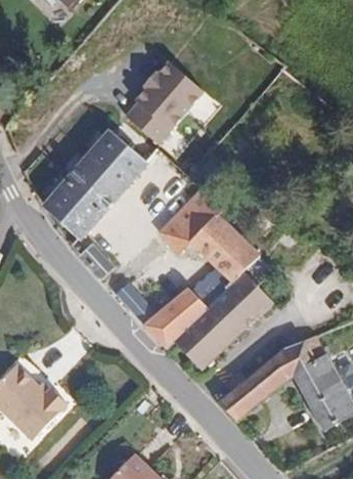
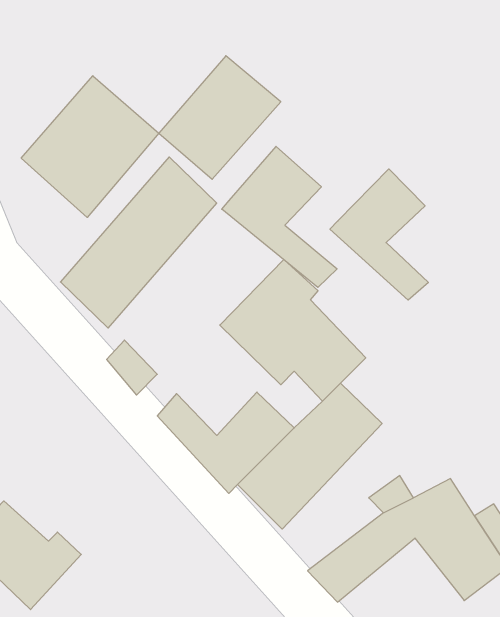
building: none -> [21,76,159,217]
building: none -> [222,146,337,287]
building: none -> [330,169,428,300]

